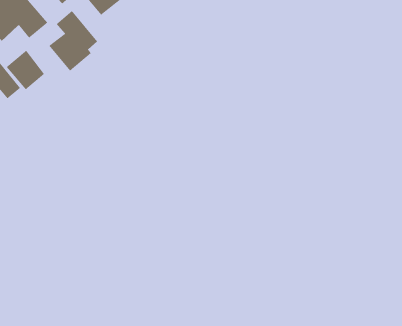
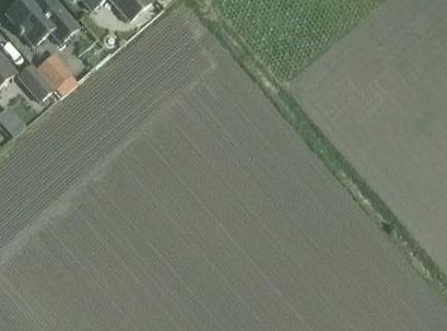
building: [49,10,98,71] -> none

